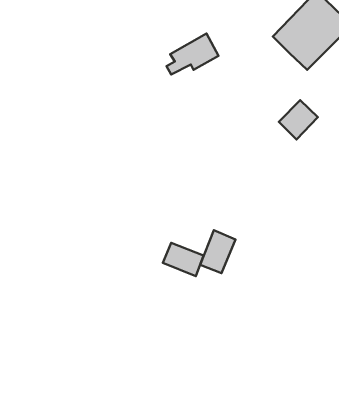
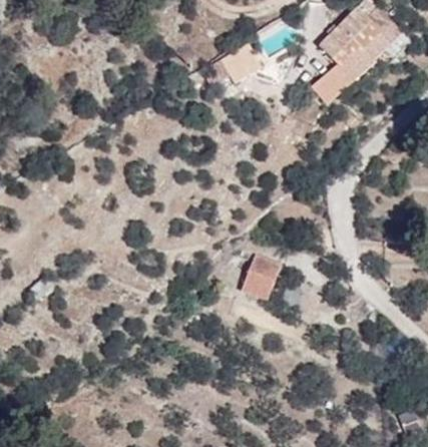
building: [279,100,318,139] -> [314,64,356,106]
building: [163,243,204,276] -> none

